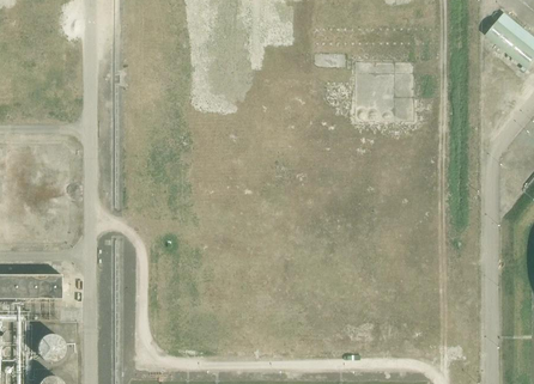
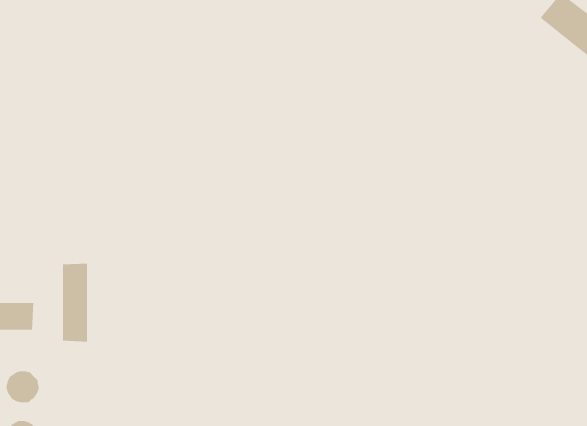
building: none -> [62,263,88,342]

